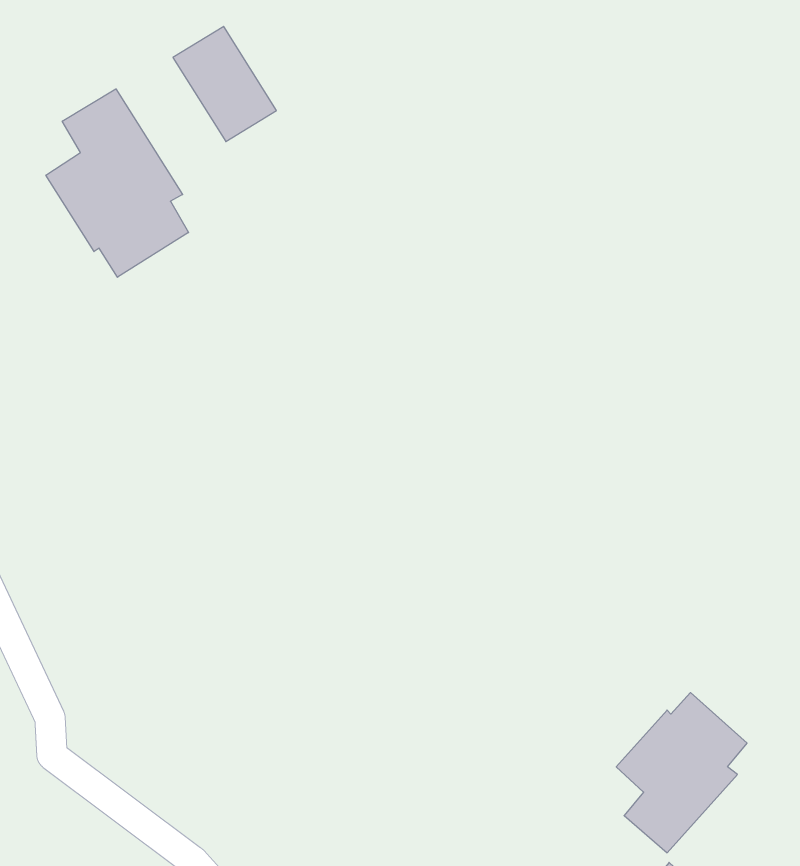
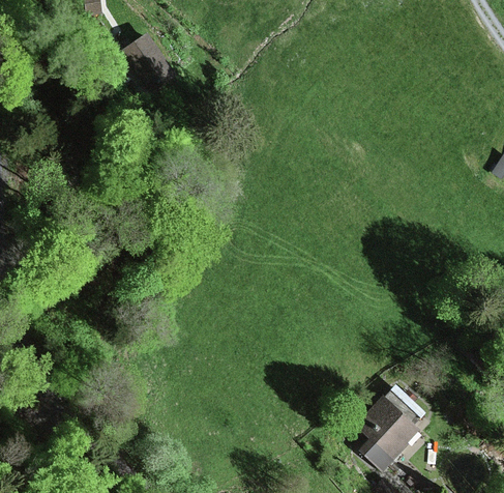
building: [46,89,189,277] -> none

